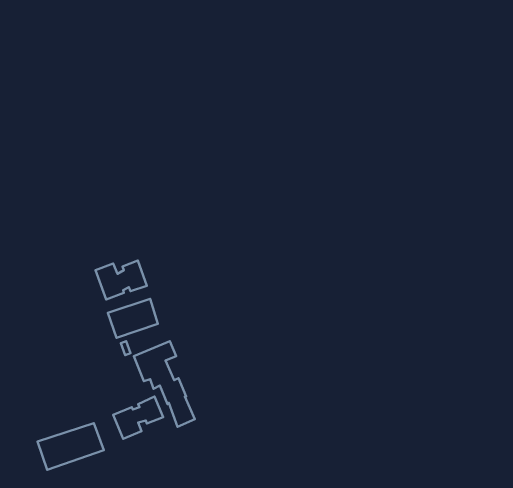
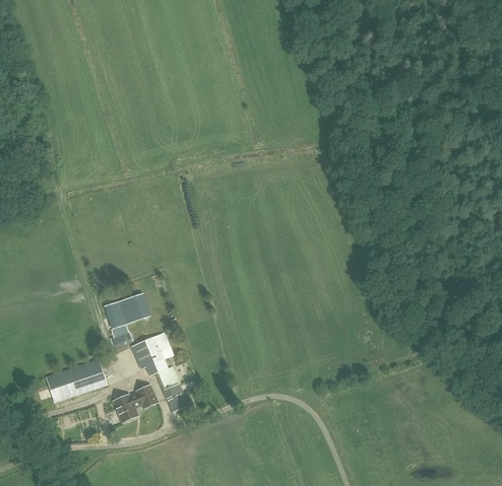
building: [95,260,147,300] -> none
building: [37,423,104,470] -> [45,359,107,403]

